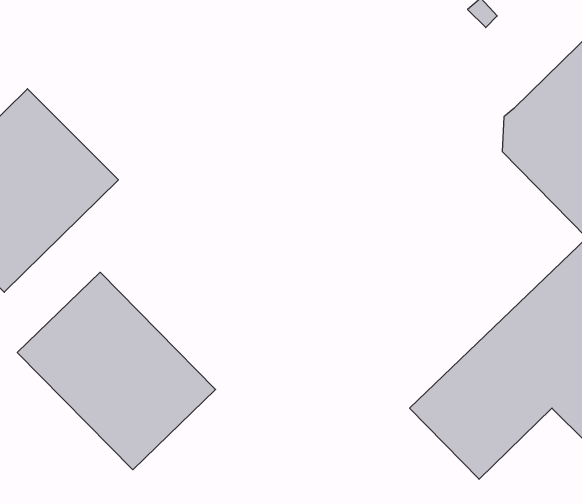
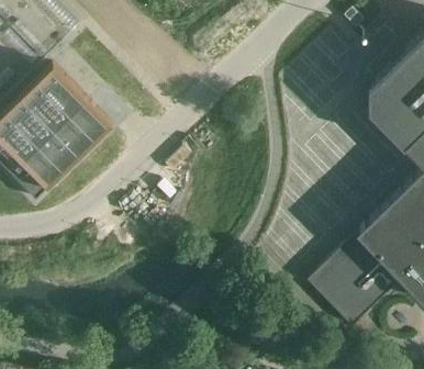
building: [17,272,216,470] -> none

